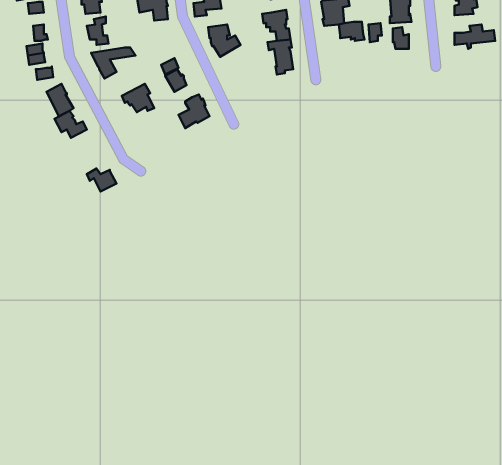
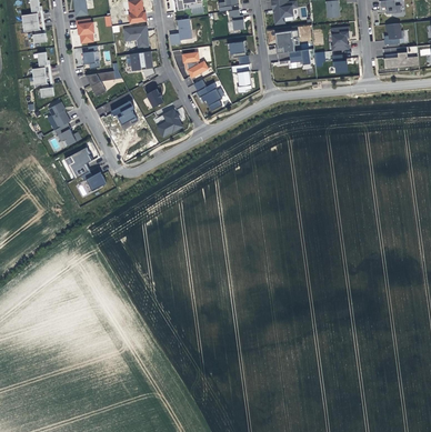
building: none -> [124,52,153,77]
building: none -> [193,80,223,111]
building: none -> [64,148,91,179]

